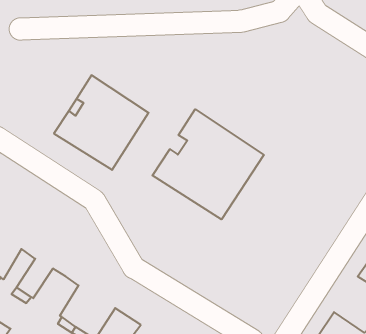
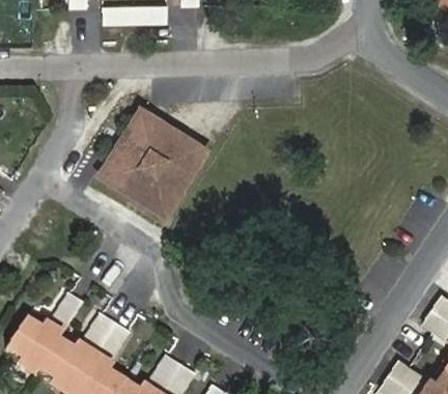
building: [152,109,264,219] -> none

